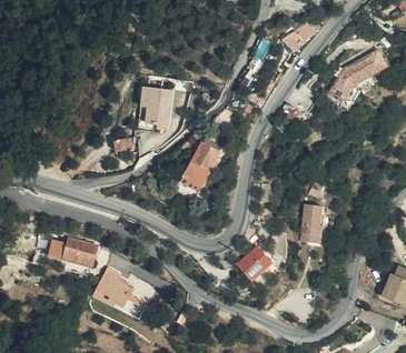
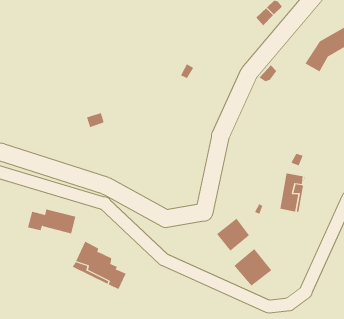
building: [137,85,170,128] -> none
building: [181,144,217,183] -> none
building: none -> [234,248,272,287]

